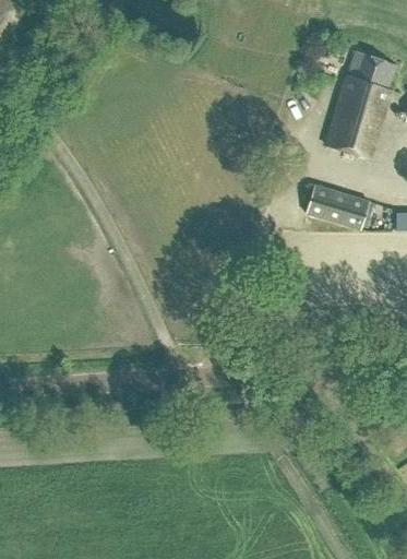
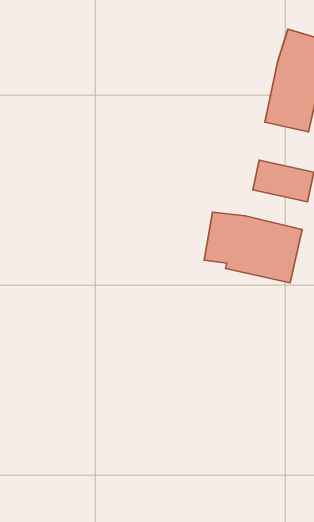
building: none -> [204,212,302,283]

